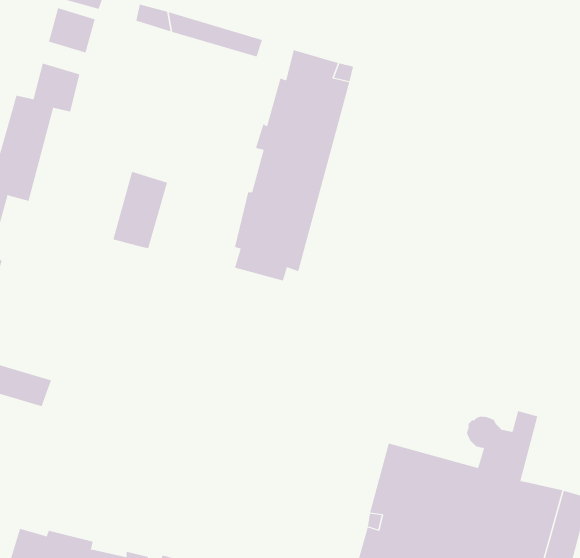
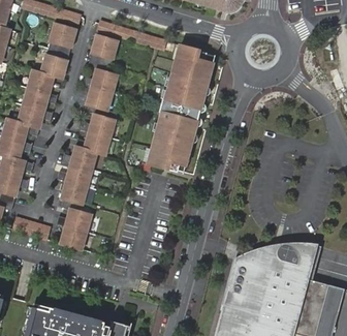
building: none -> [91,34,118,60]
building: none -> [87,69,117,109]
building: none -> [61,146,96,204]
building: none -> [60,208,91,249]
building: none -> [234,242,305,273]

